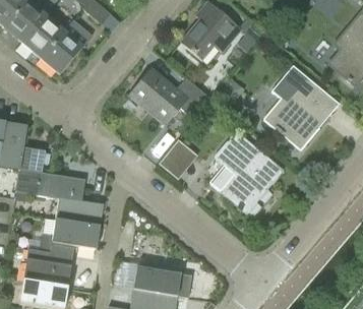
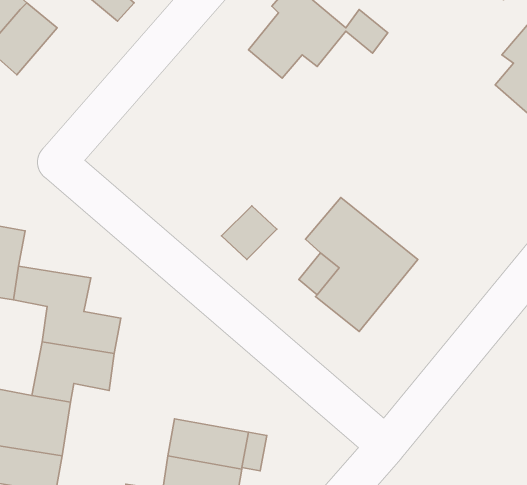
building: [40,19,94,74] -> none
building: [263,65,338,148] -> none
building: [129,68,209,124] -> none

